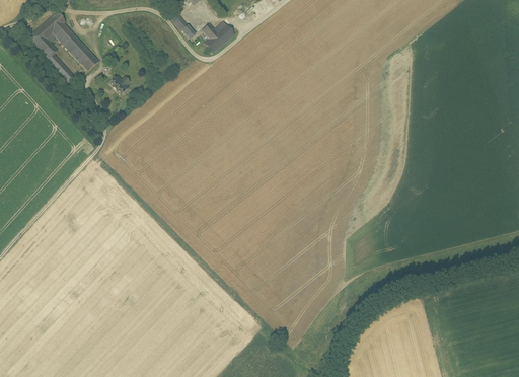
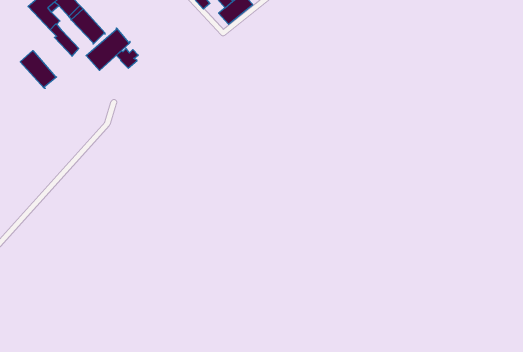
building: none -> [86,28,130,70]
building: none -> [20,51,57,88]

